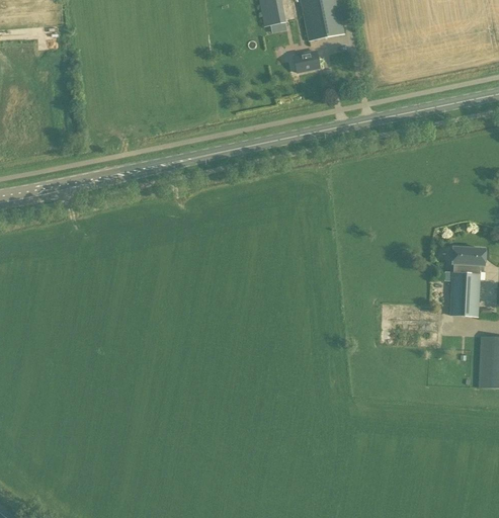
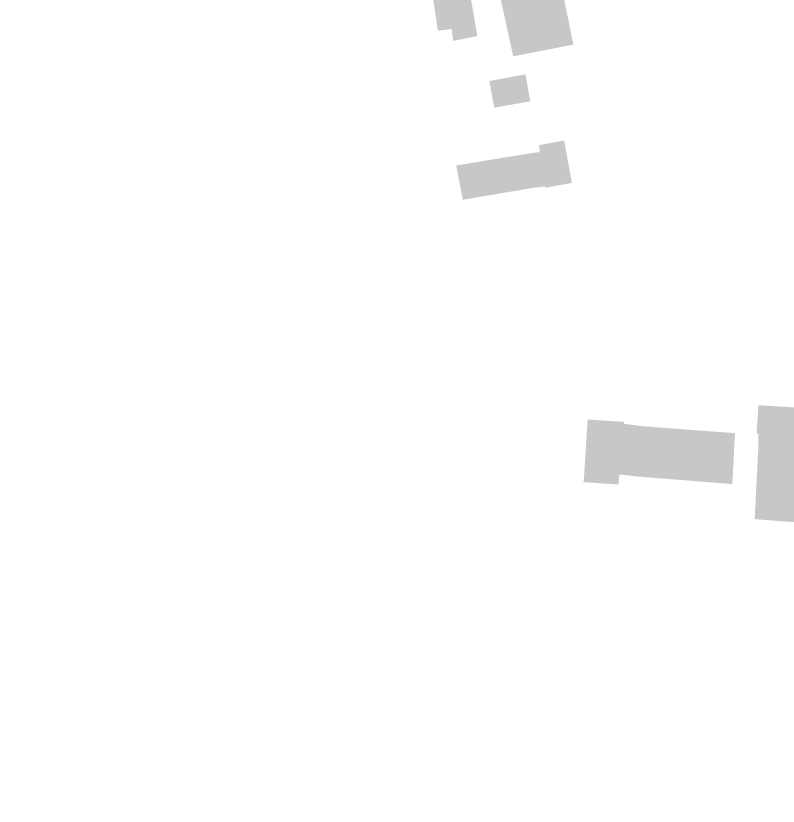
building: none -> [455,140,573,200]
building: none -> [583,419,735,485]

